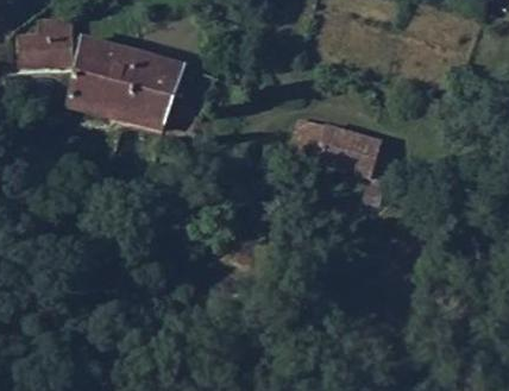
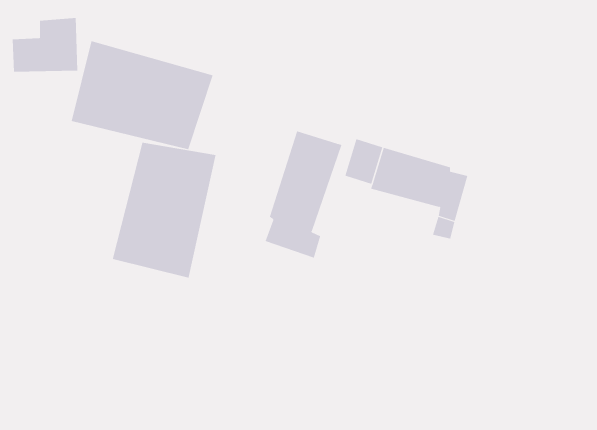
building: none -> [265,131,342,258]
building: none -> [112,142,216,279]

